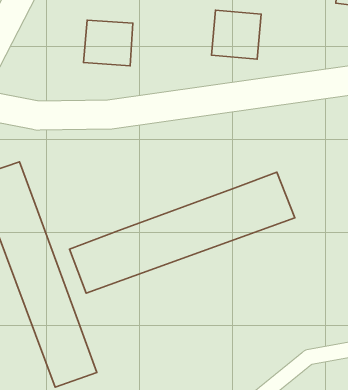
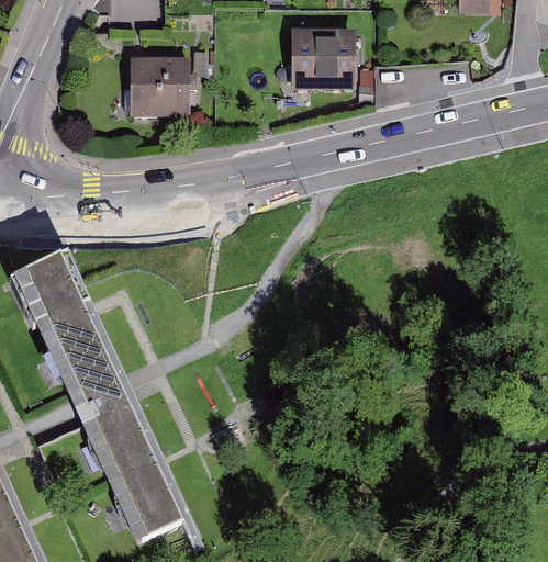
building: [69,172,295,293] -> none

